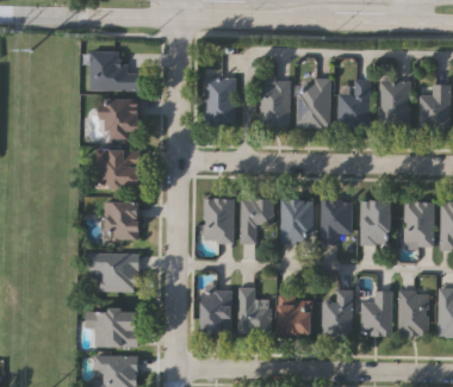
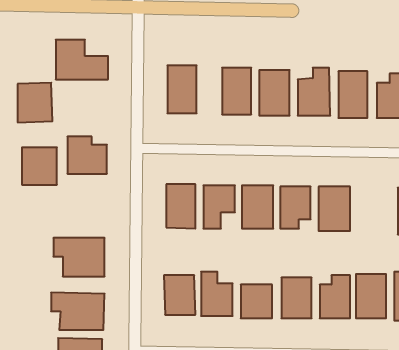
building: [106,98,142,138] -> [18,83,52,122]
building: [403,201,433,246] -> none
building: [104,202,139,241] -> [22,147,57,185]

